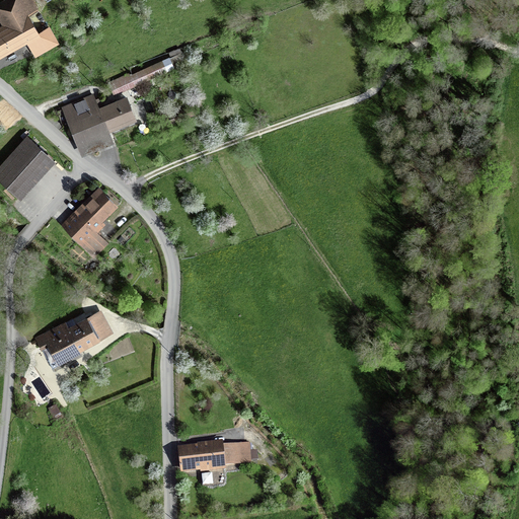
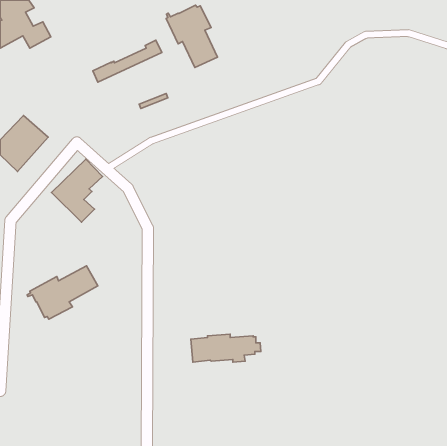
building: none -> [166,5,218,67]
building: [61,93,137,156] -> none
building: [177,441,258,473] -> [191,334,261,362]

